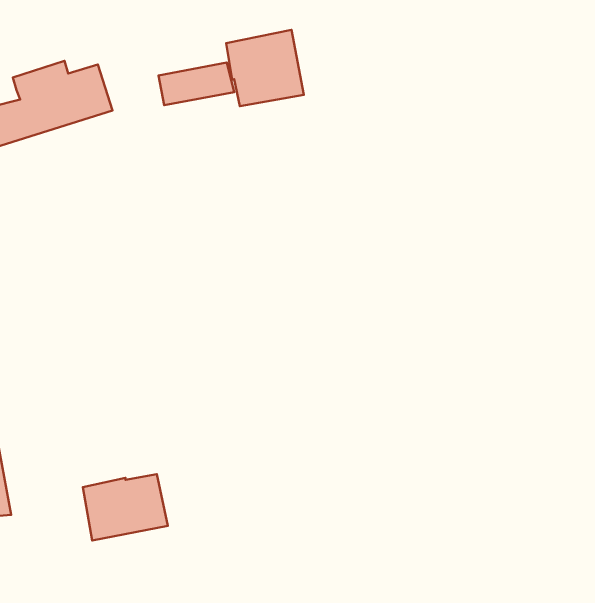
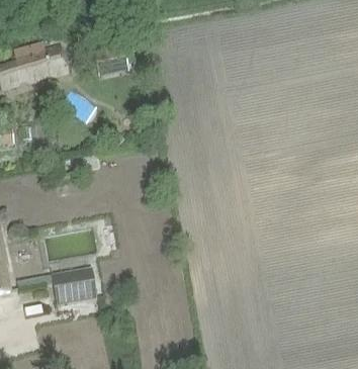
building: [226,30,304,106] -> none

